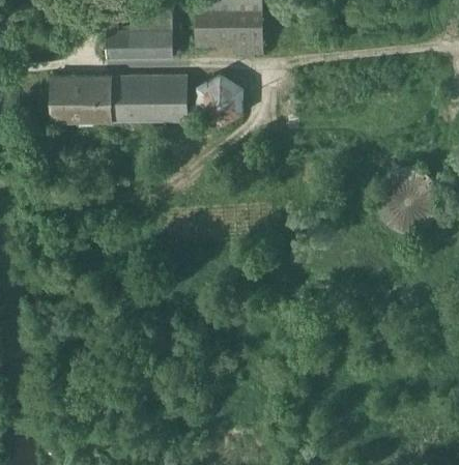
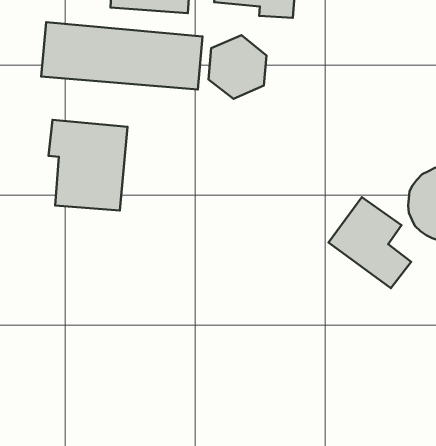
building: none -> [49,120,127,210]
building: none -> [329,197,411,288]

